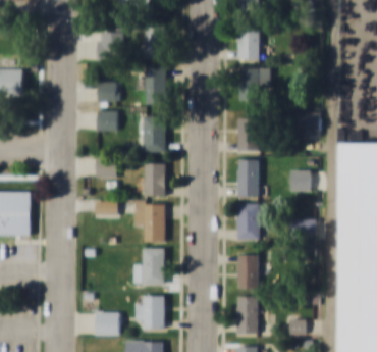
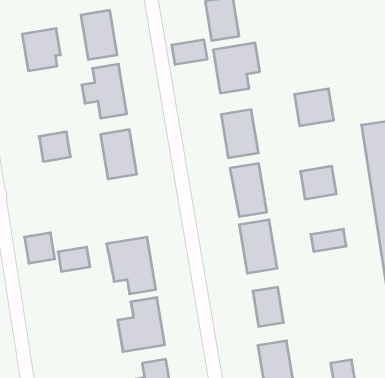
building: none -> [172,40,207,65]
building: [97,81,118,102] -> none
building: [96,158,116,179] -> [24,233,55,263]
building: [144,163,165,196] -> none

